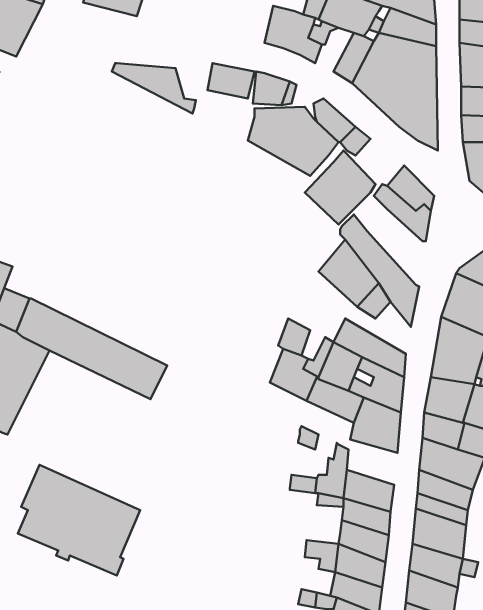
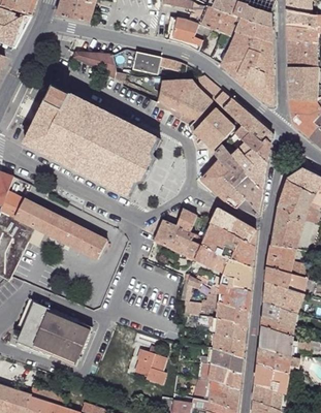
building: none -> [21,84,160,197]
building: none -> [223,98,253,127]
building: none -> [230,141,266,189]
building: none -> [154,220,179,248]
building: none -> [218,283,249,311]
building: none -> [132,345,168,378]

